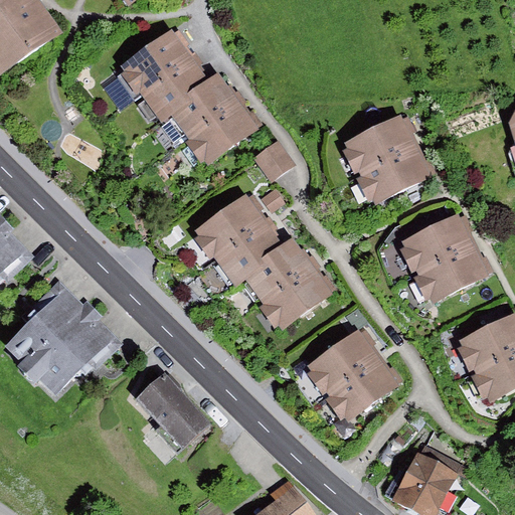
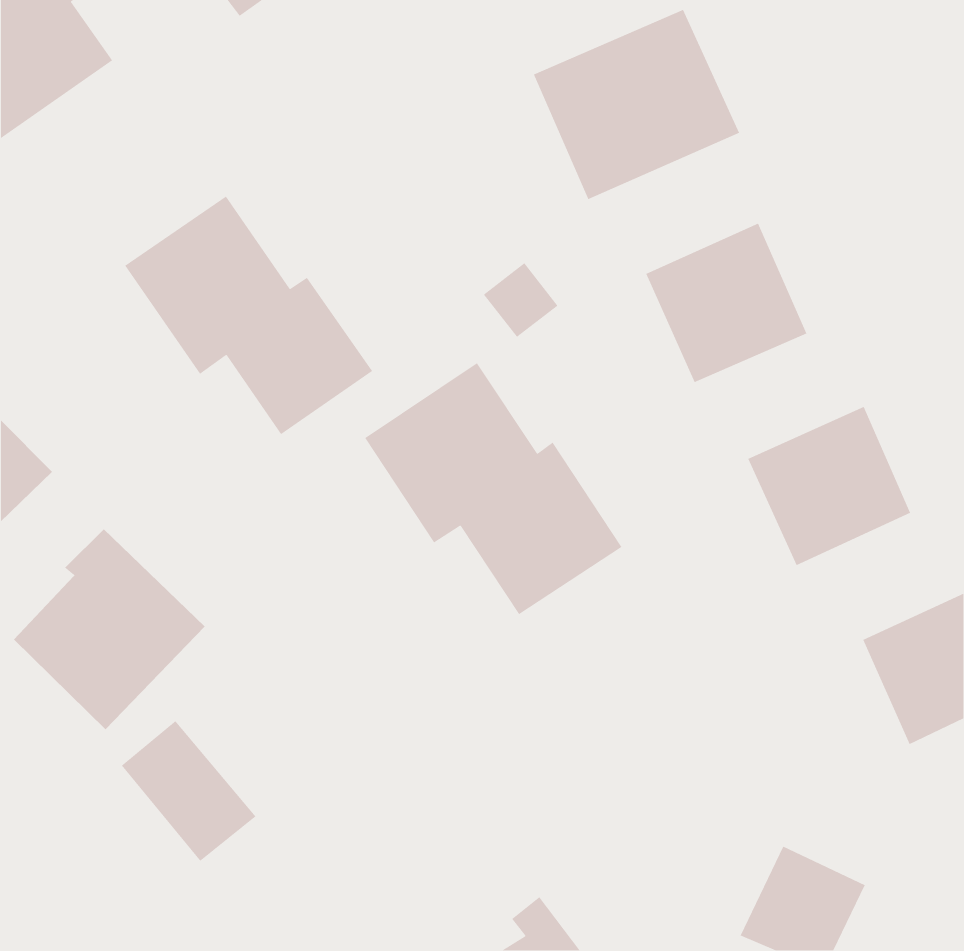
building: none -> [533,9,740,200]
building: [119,33,251,161] -> [124,196,373,435]
building: [305,328,393,417] -> none
building: [136,370,208,446] -> [121,720,257,862]

